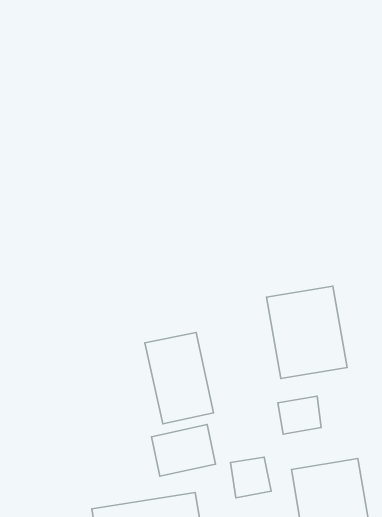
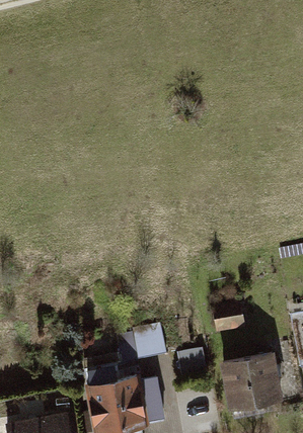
building: [267,286,347,378] -> none
building: [145,332,213,424] -> none

